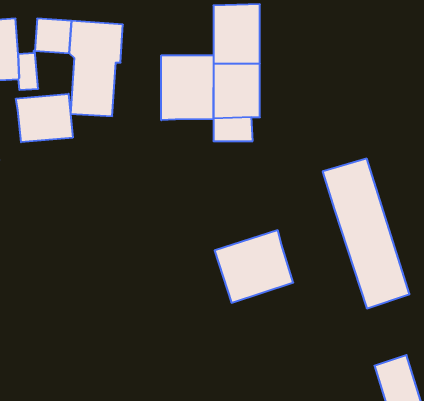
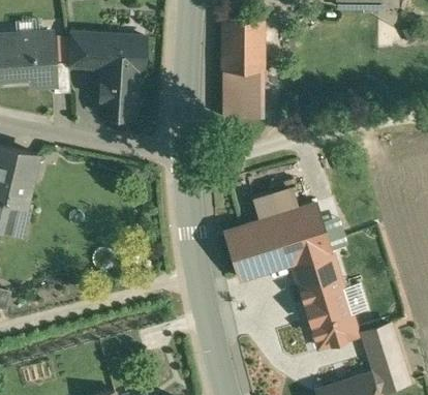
building: [161,55,213,120] -> none
building: [16,94,73,142] -> none
building: [323,159,410,308] -> [282,217,358,347]
building: none -> [252,187,295,219]

